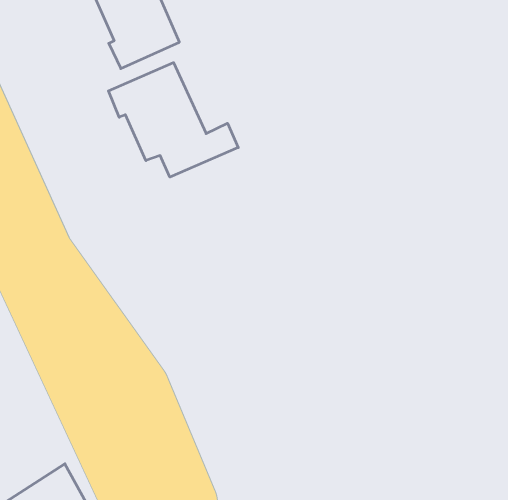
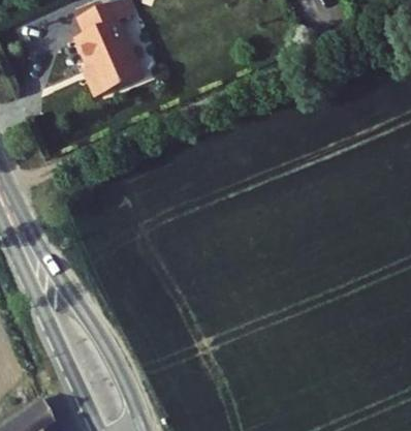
building: [108,63,238,177] -> none

